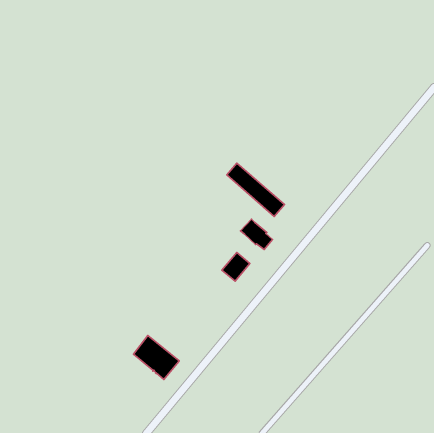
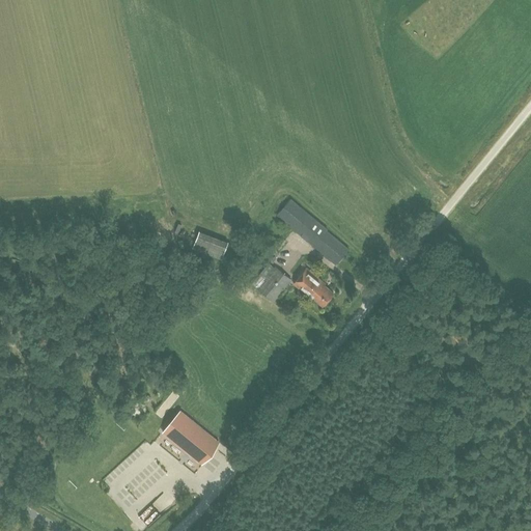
building: none -> [196,234,229,258]
building: [222,252,250,281] -> [257,267,291,302]

